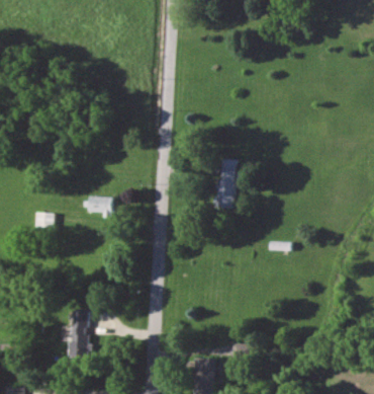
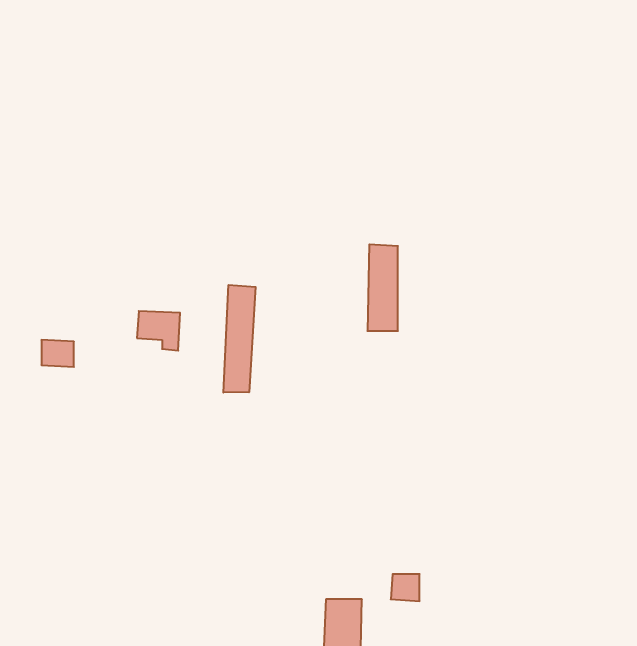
building: none -> [223,285,256,393]
building: [70,311,88,359] -> none

